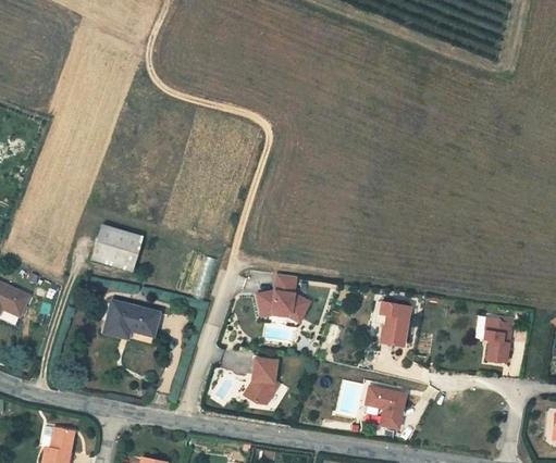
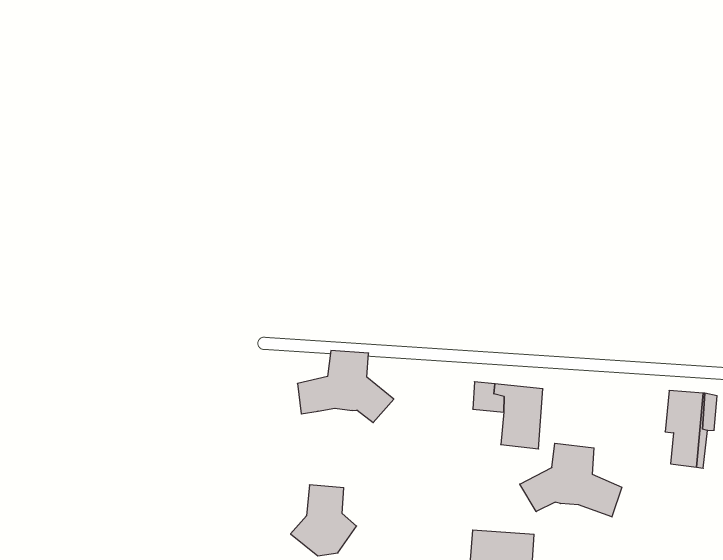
building: [90,224,140,268] -> none
building: [102,300,157,336] -> none
building: none -> [520,443,622,517]

